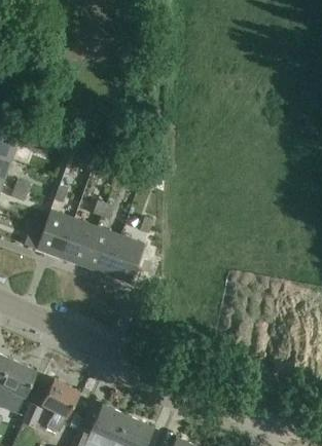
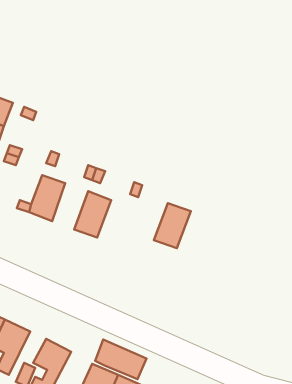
building: [61,219,98,266] -> none
building: [107,236,145,283] -> [154,203,191,248]
building: none -> [95,339,146,379]

